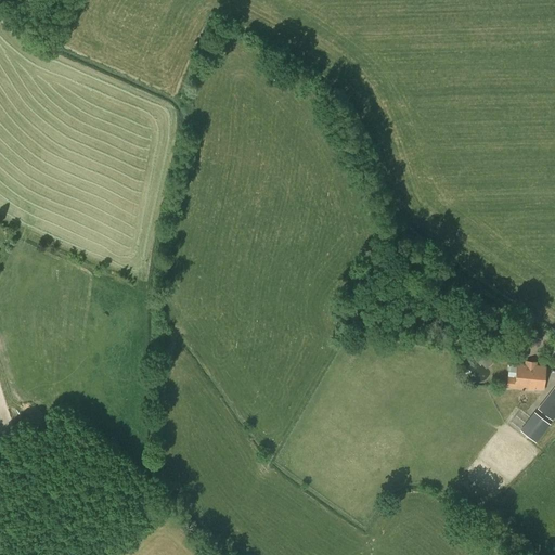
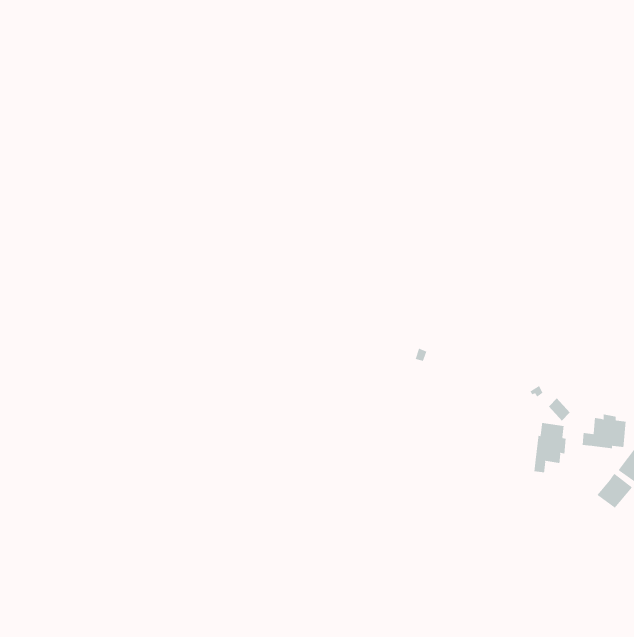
building: none -> [534,422,566,473]

